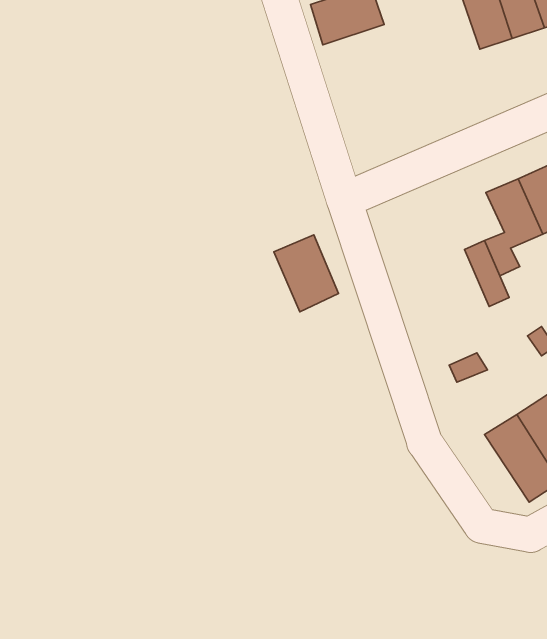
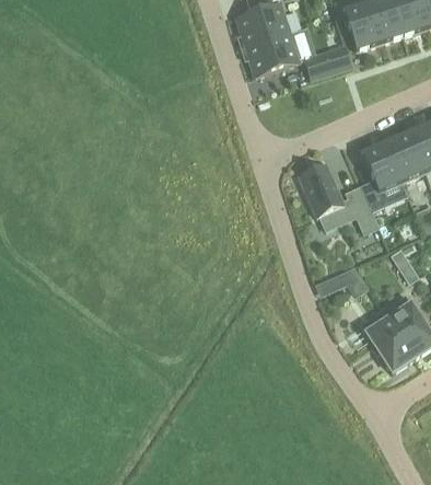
building: none -> [245,33,298,76]
building: none -> [304,46,350,79]
building: [274,235,338,312] -> [298,163,343,218]

